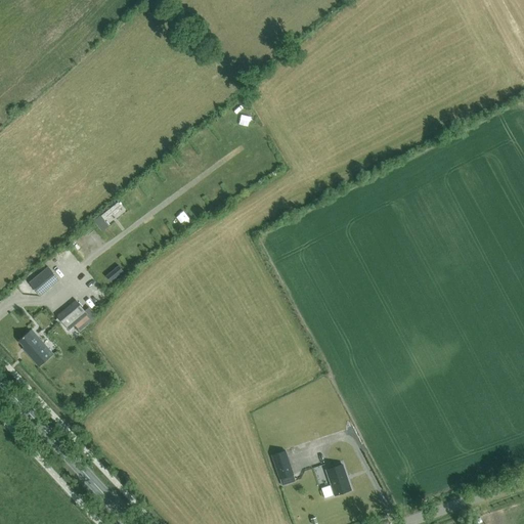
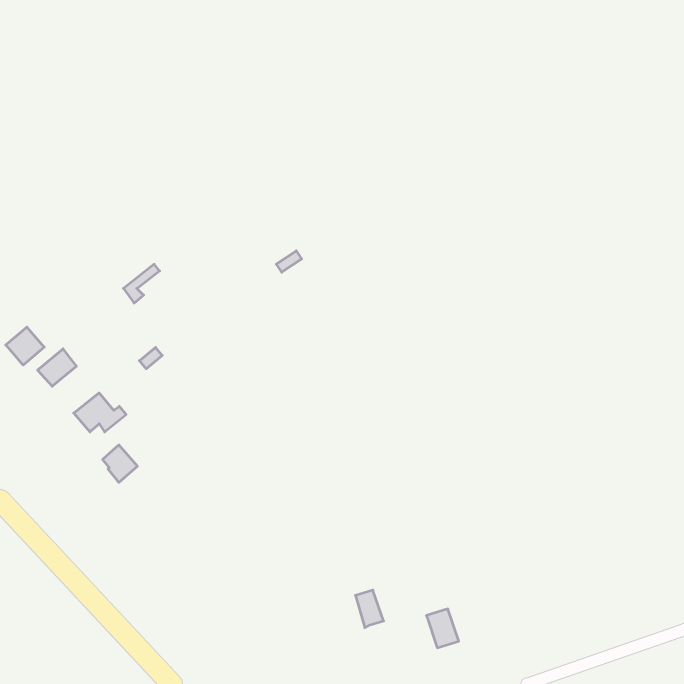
building: none -> [6,327,44,365]
building: [19,329,46,357] -> [103,445,137,482]

